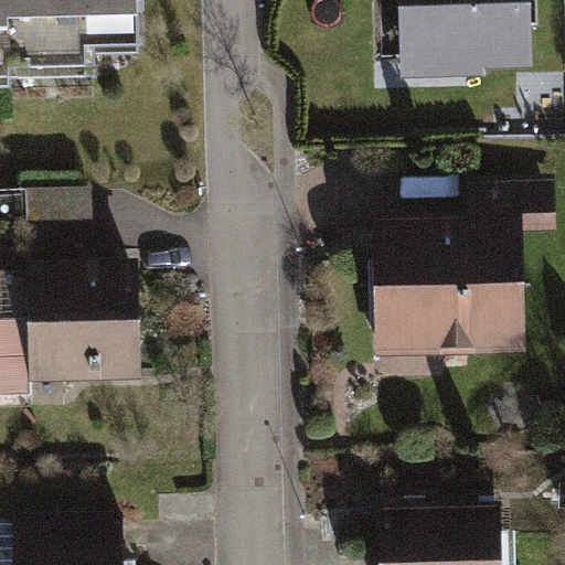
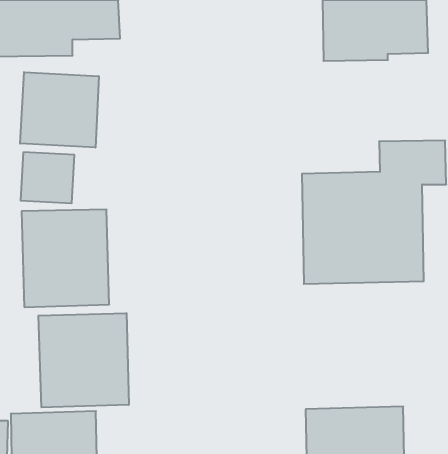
building: none -> [20,72,99,148]
building: none -> [38,313,129,407]

